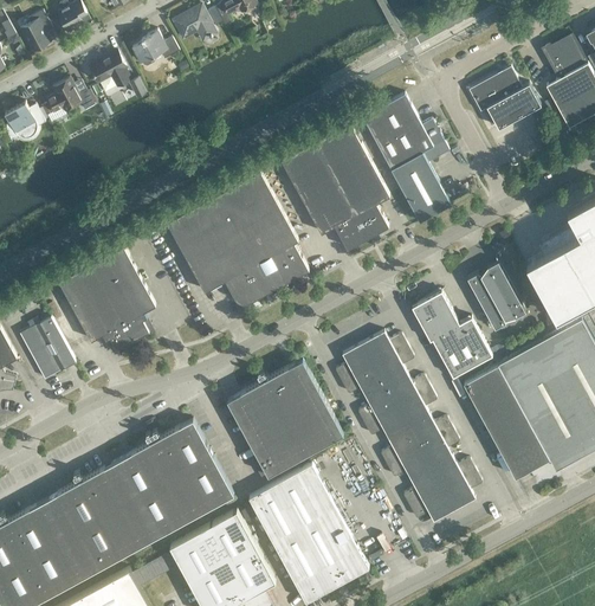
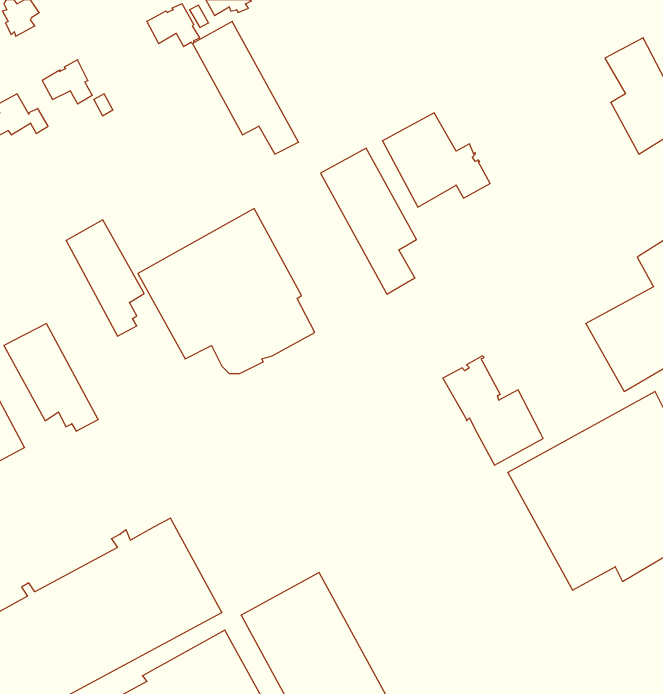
building: [132,32,180,67] -> none
building: [470,69,541,130] -> none
building: [282,144,367,251] -> [192,21,299,154]
building: [392,154,452,224] -> none
building: [93,249,156,342] -> [66,220,144,336]
building: [467,264,526,331] -> none
building: [335,333,483,523] -> none
building: [227,361,344,478] -> none

